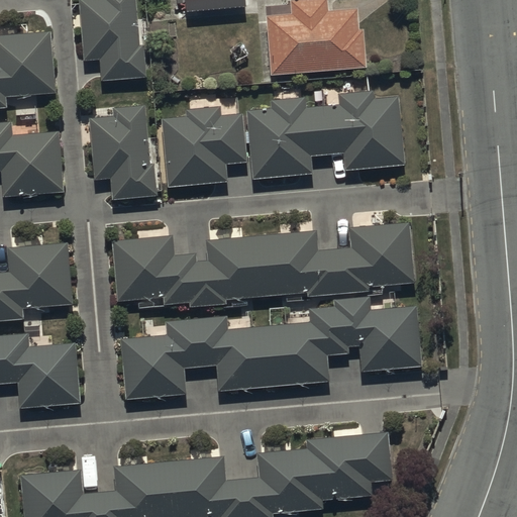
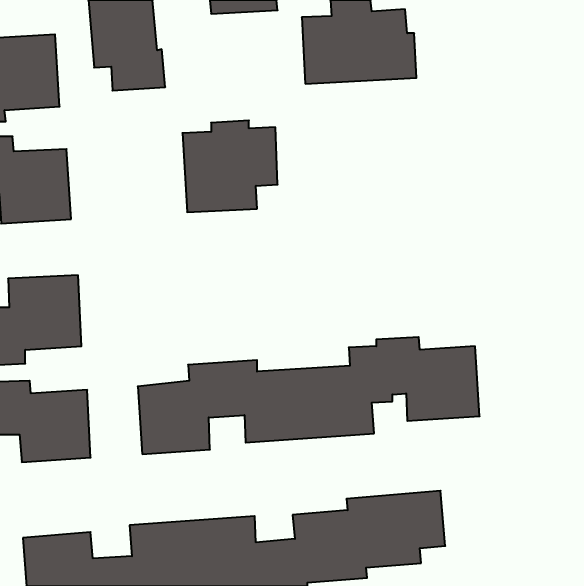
building: [245,91,402,177] -> none
building: [81,105,157,198] -> none
building: [112,221,414,306] -> none

